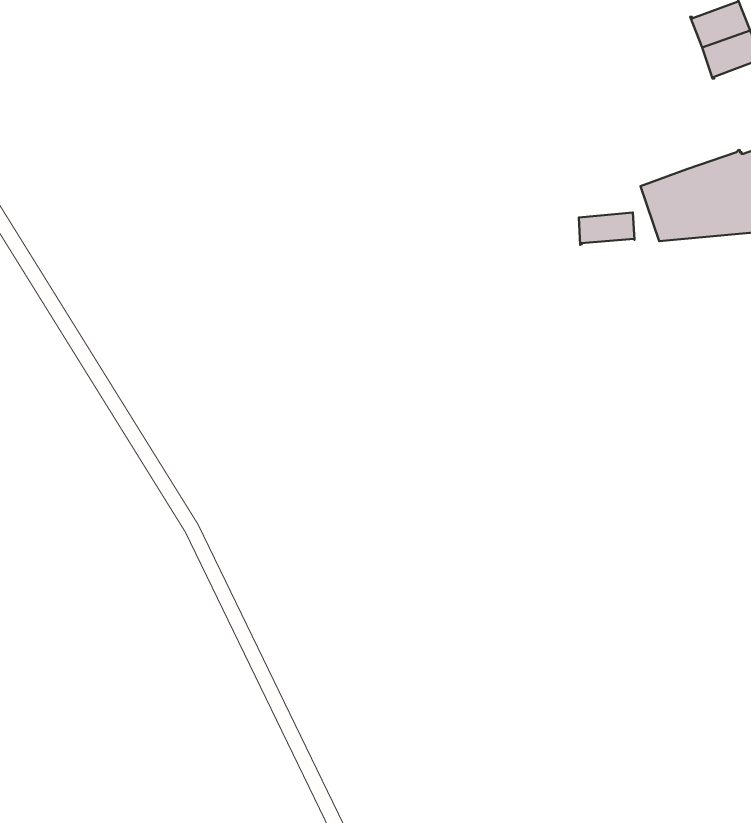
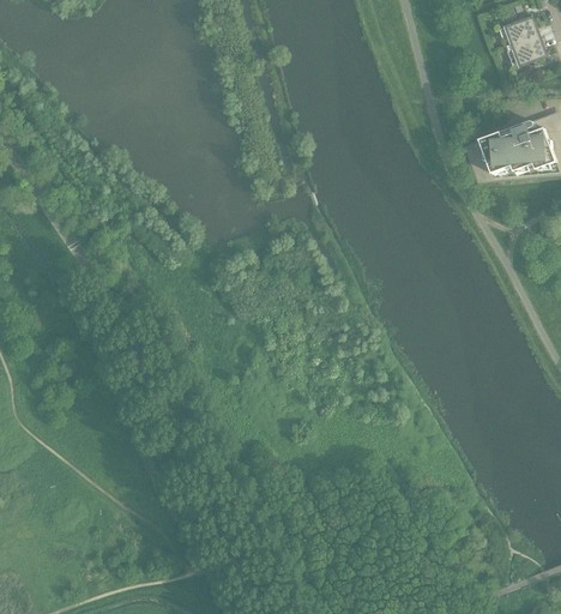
building: [579,212,635,245] -> none

